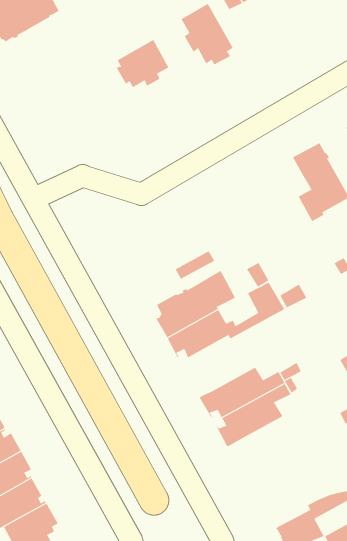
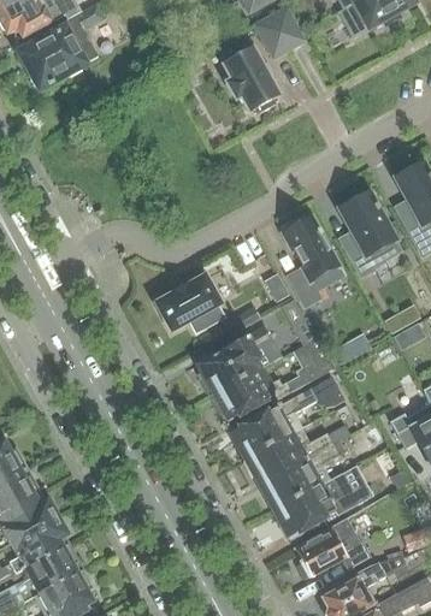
building: [116,39,169,88] -> none
building: none -> [283,215,342,306]
building: none -> [155,274,224,332]
building: none -> [228,375,343,460]
building: none -> [271,472,368,537]
building: none -> [293,516,370,576]

